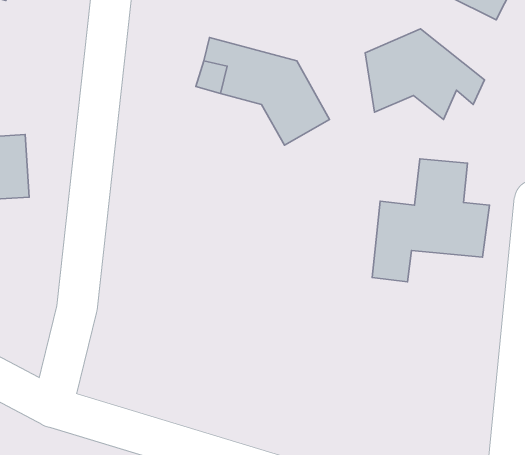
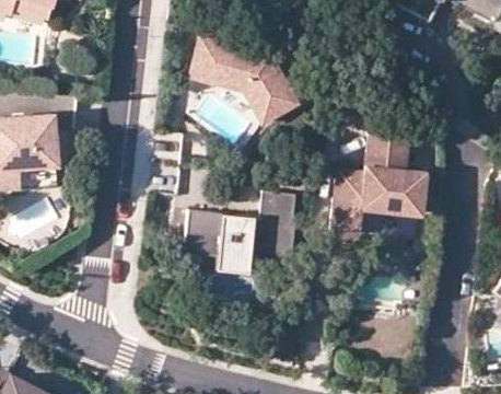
building: [365,29,485,119] -> none
building: none -> [186,194,299,276]

